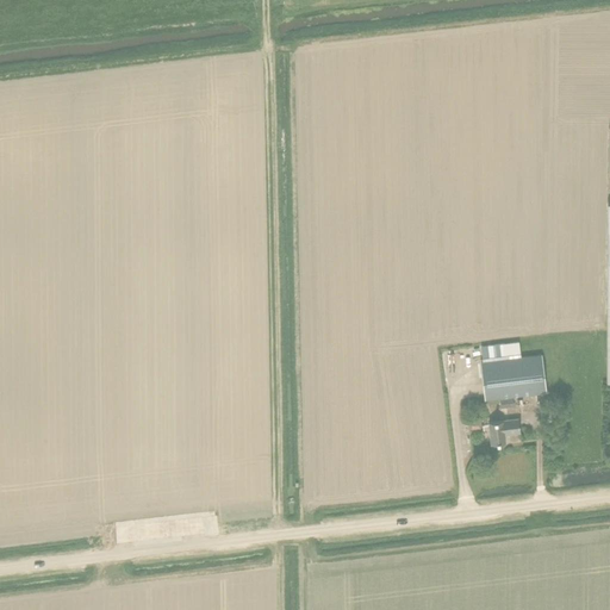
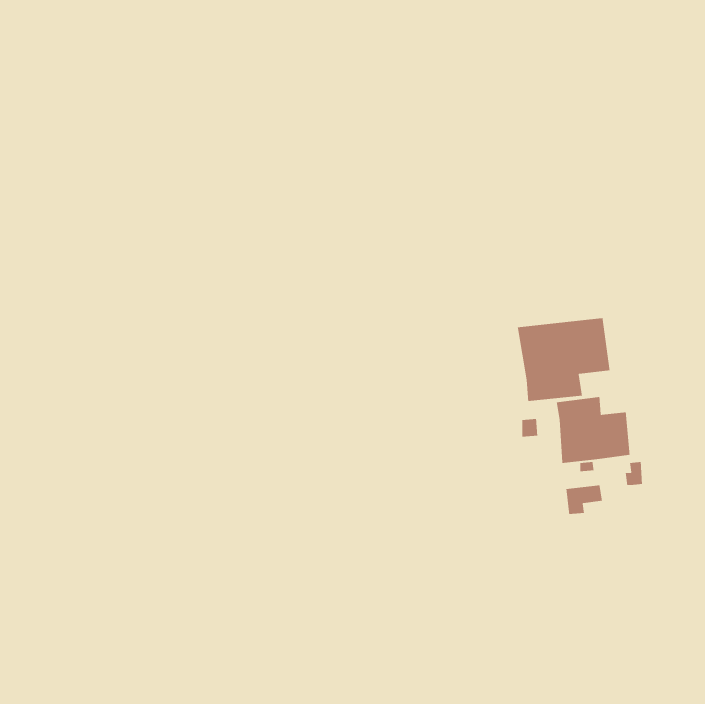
building: none -> [517,317,611,402]

